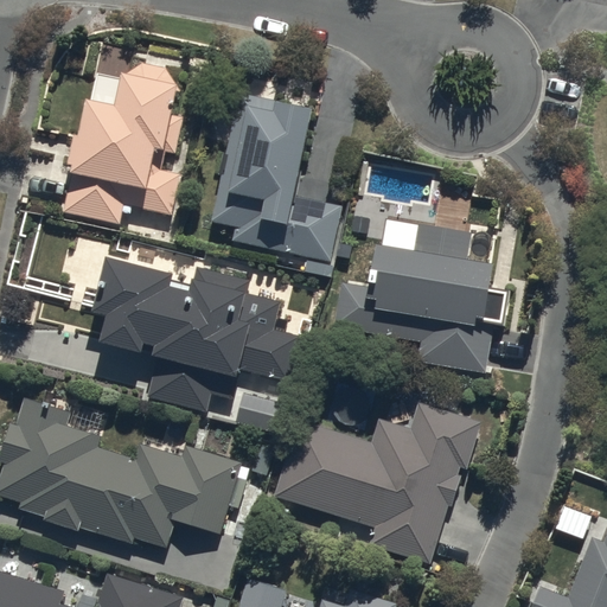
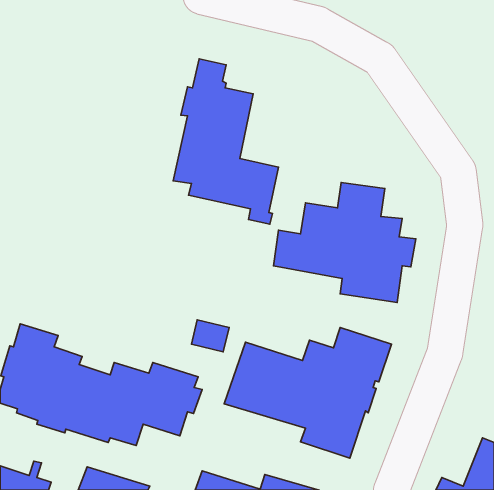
building: [63,63,181,224] -> none
building: [92,262,300,411] -> none

